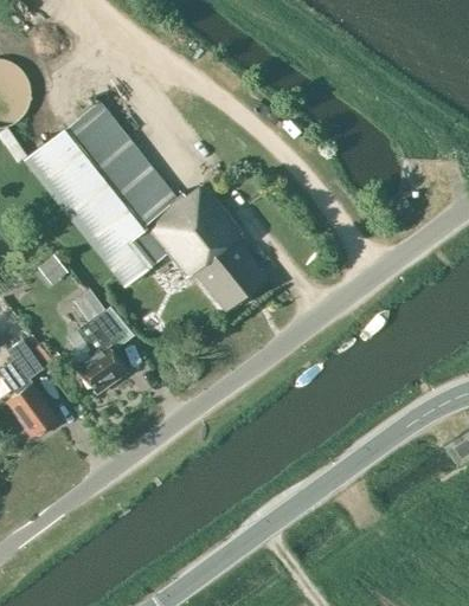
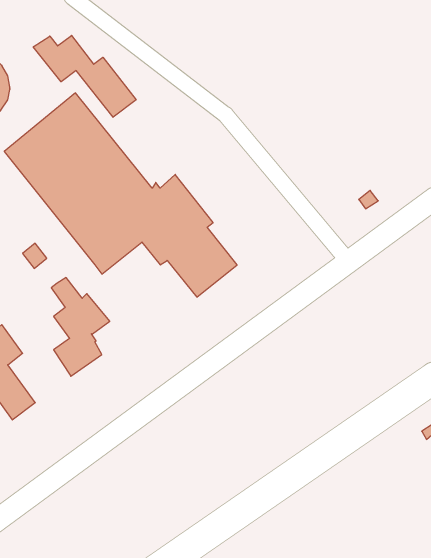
building: none -> [33,35,136,117]

